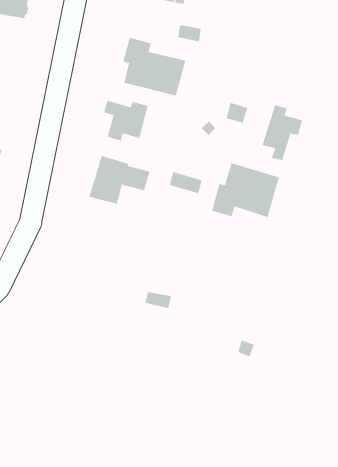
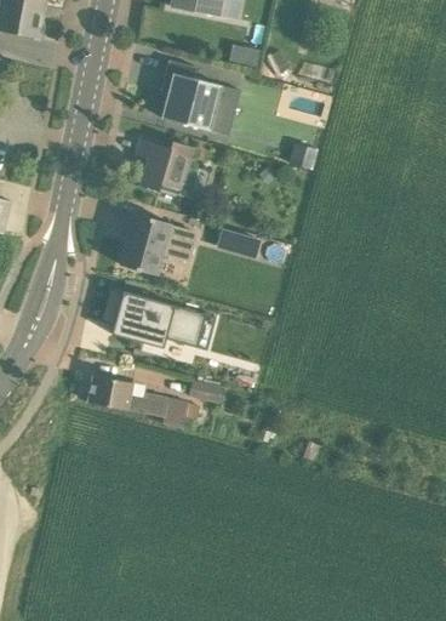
building: [262,104,303,161] -> none
building: [211,162,280,218] -> none
building: none -> [99,285,208,348]
building: none -> [87,375,187,428]

